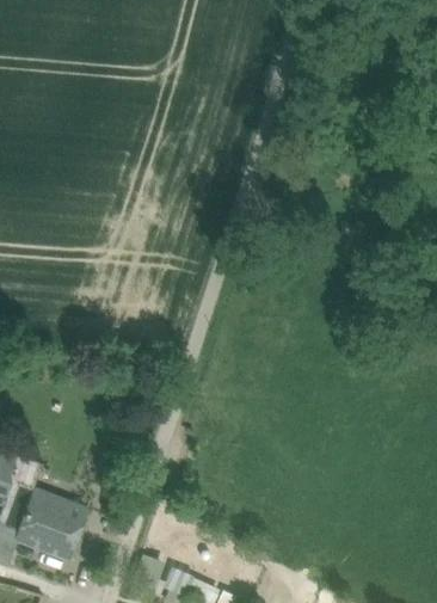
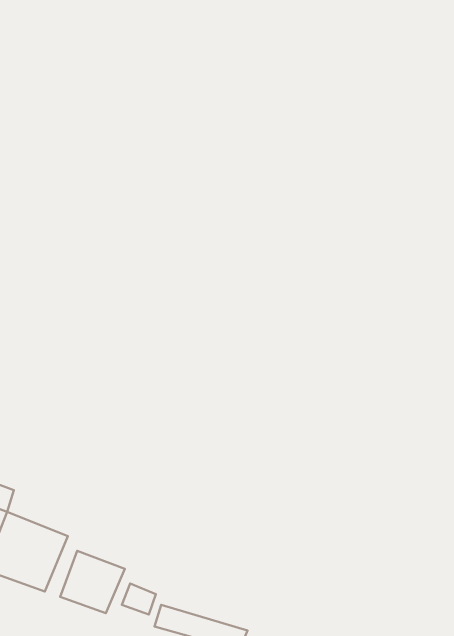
building: none -> [60,551,125,613]

